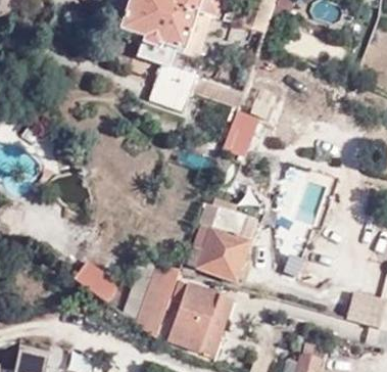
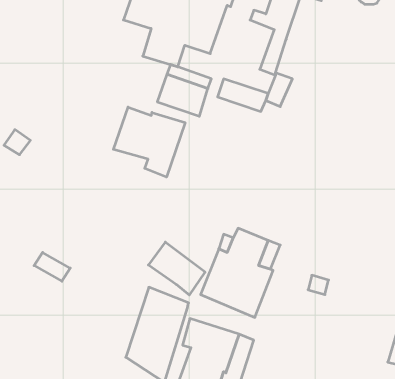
building: none -> [113,107,185,177]
building: [223,109,258,155] -> none
building: [77,262,125,307] -> [148,242,205,295]

